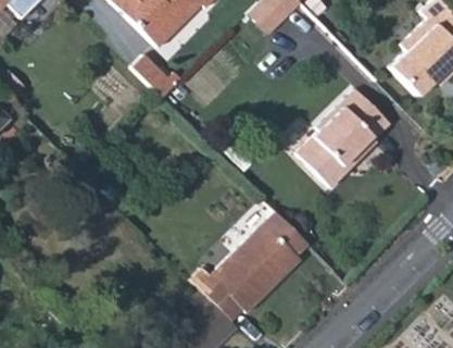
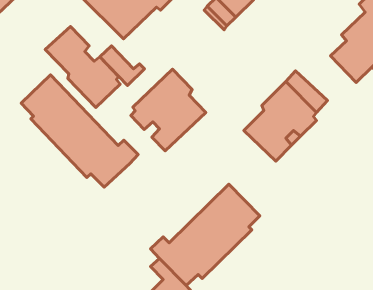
building: none -> [45,26,120,108]
building: none -> [131,69,206,151]
building: none -> [21,75,138,187]

